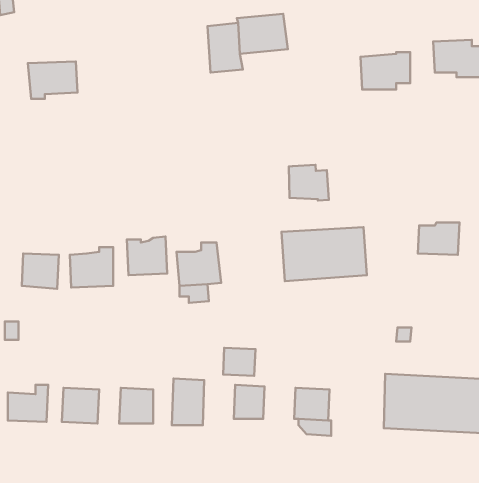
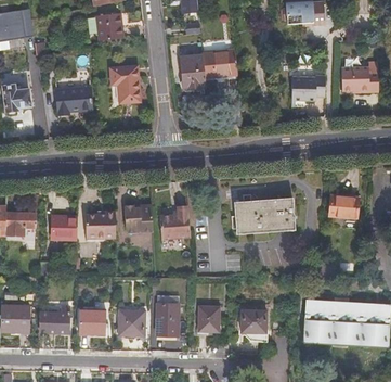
building: none -> [109,61,139,97]
building: [289,165,329,201] -> none
building: [223,348,255,376] -> none

